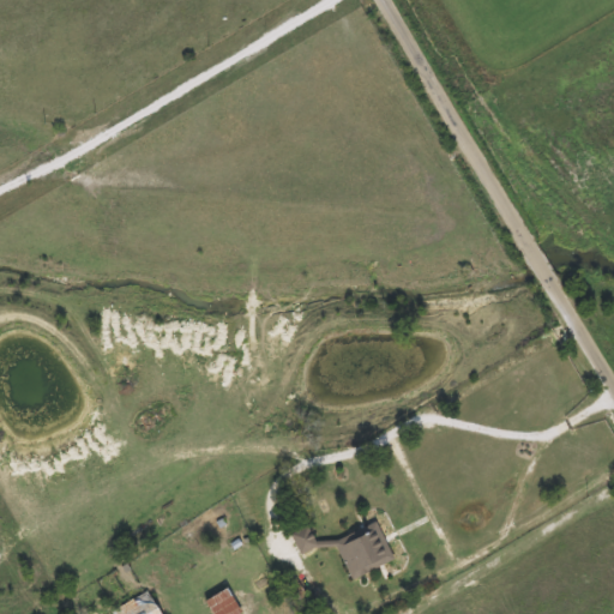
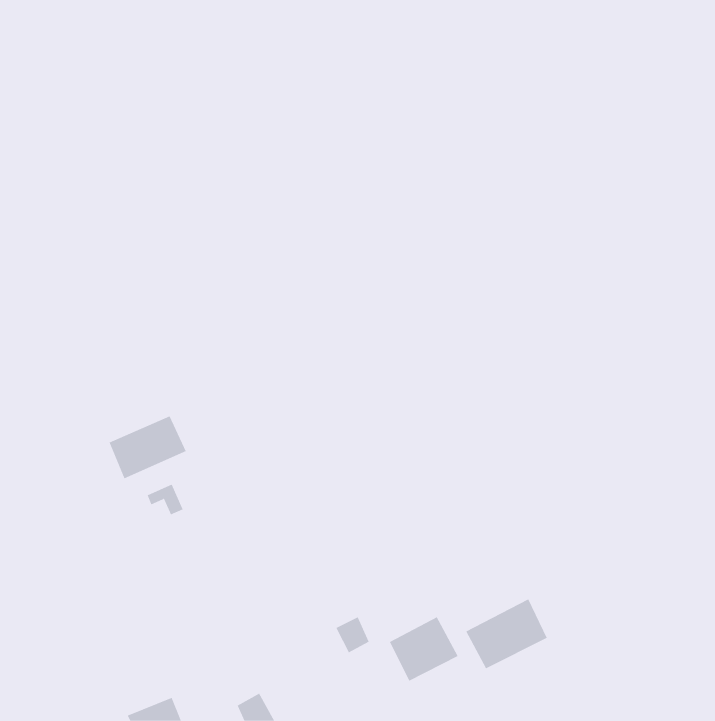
building: none -> [109,415,187,479]
building: none -> [465,599,548,669]

